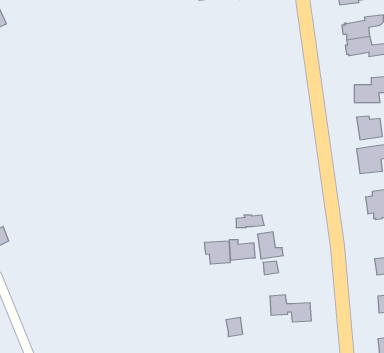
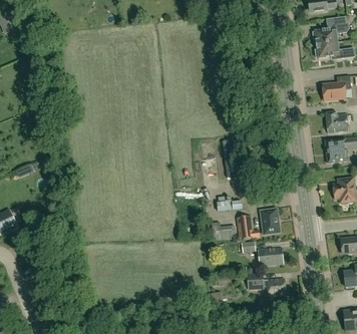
building: none -> [261,209,280,234]
building: [204,241,230,264] -> none
building: none -> [258,247,283,265]

